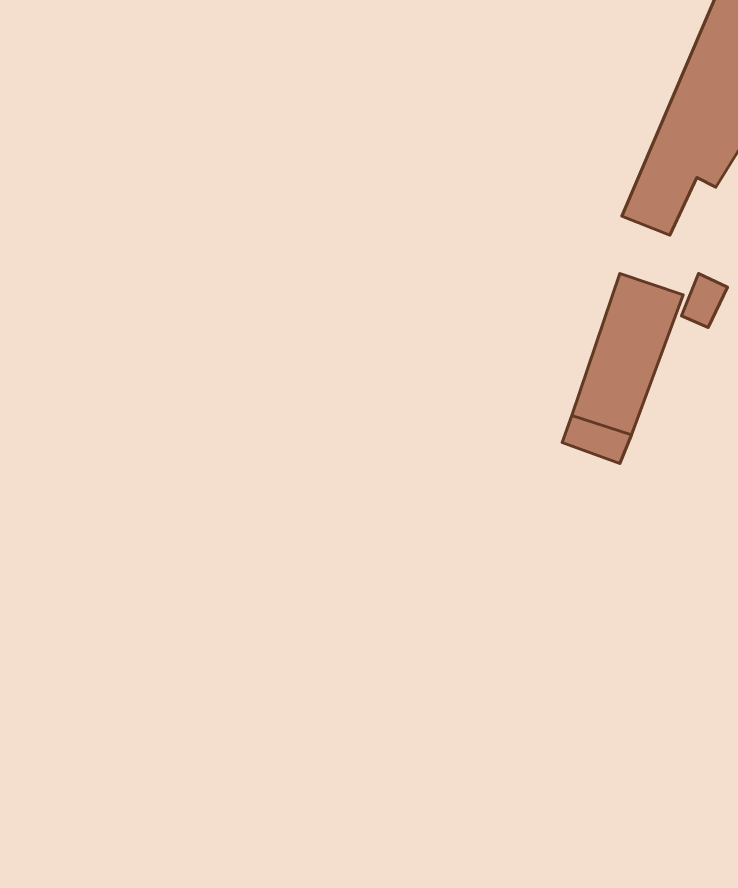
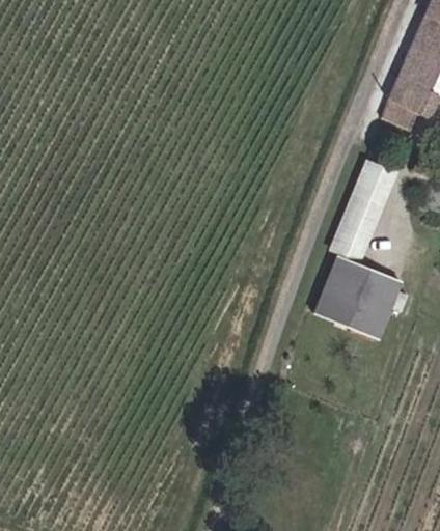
building: none -> [320,258,404,338]

